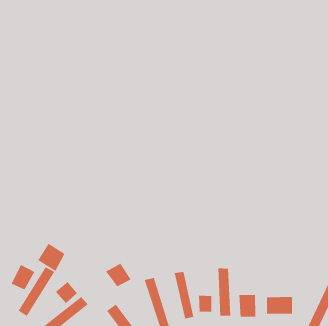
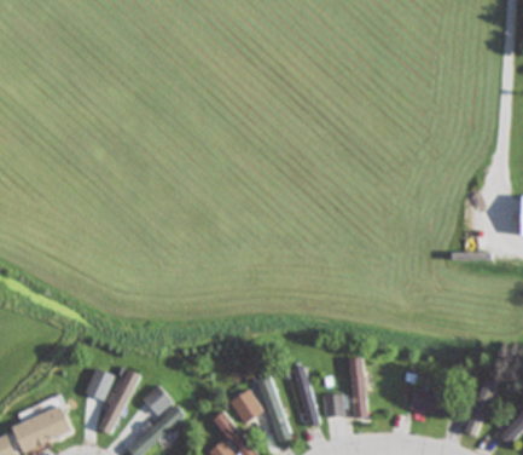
building: [37,243,65,272] -> none
building: [105,263,131,287] -> [228,391,262,422]
building: [239,294,256,318] -> none

